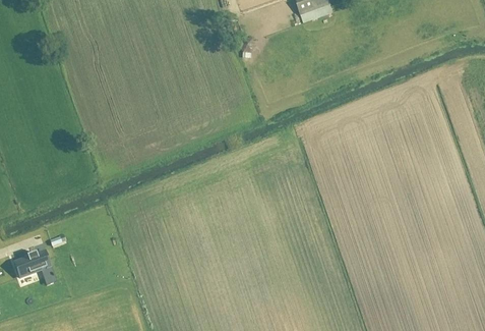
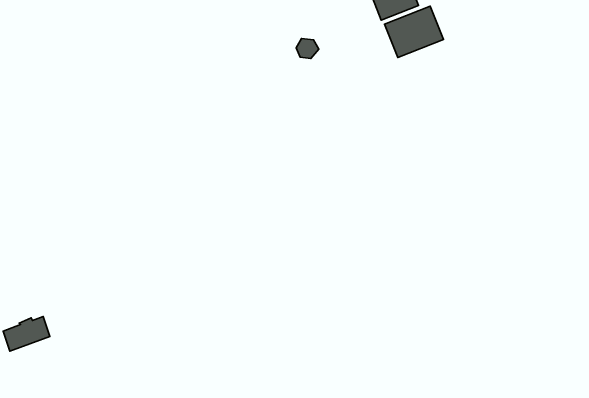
building: none -> [384,6,444,57]

